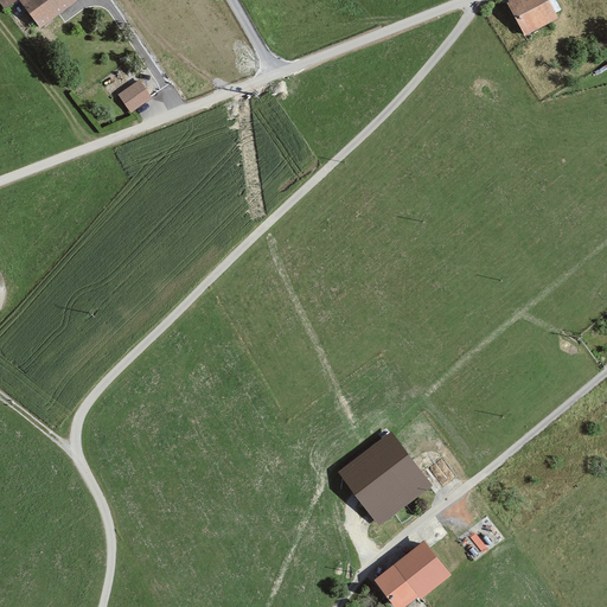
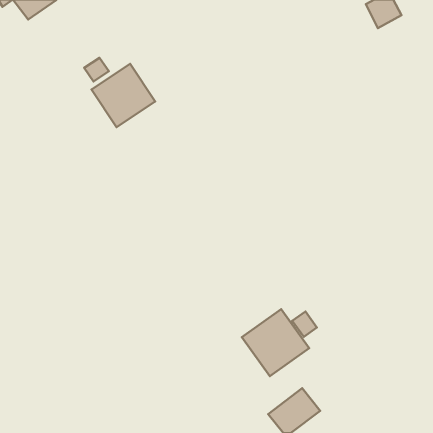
building: none -> [92,64,155,127]
building: none -> [292,311,317,337]

